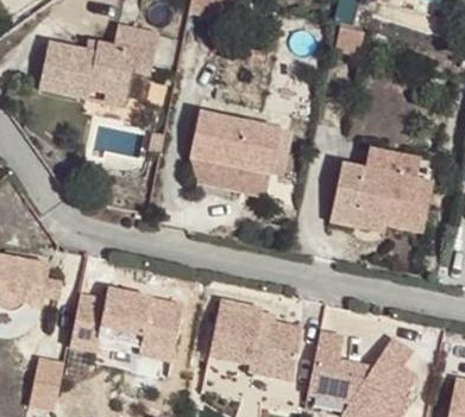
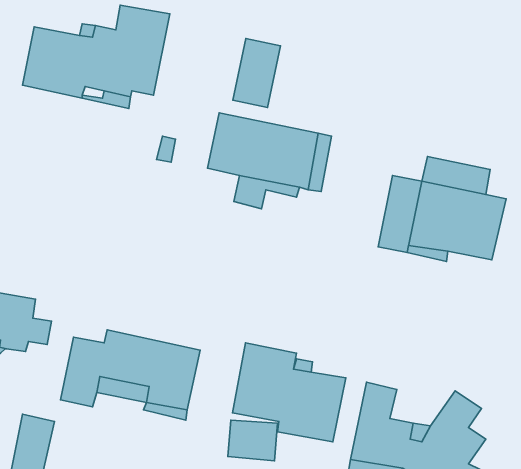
building: none -> [233,39,280,108]

